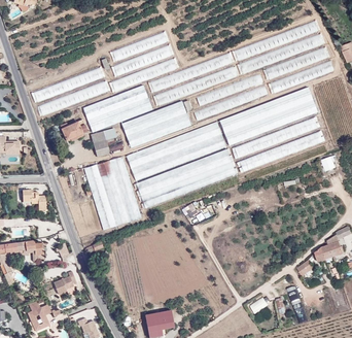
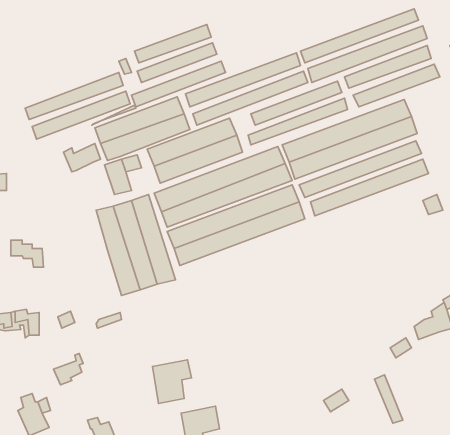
building: none -> [153,360,191,403]

